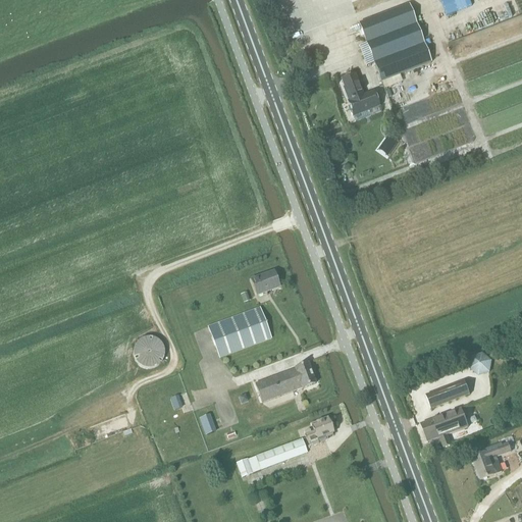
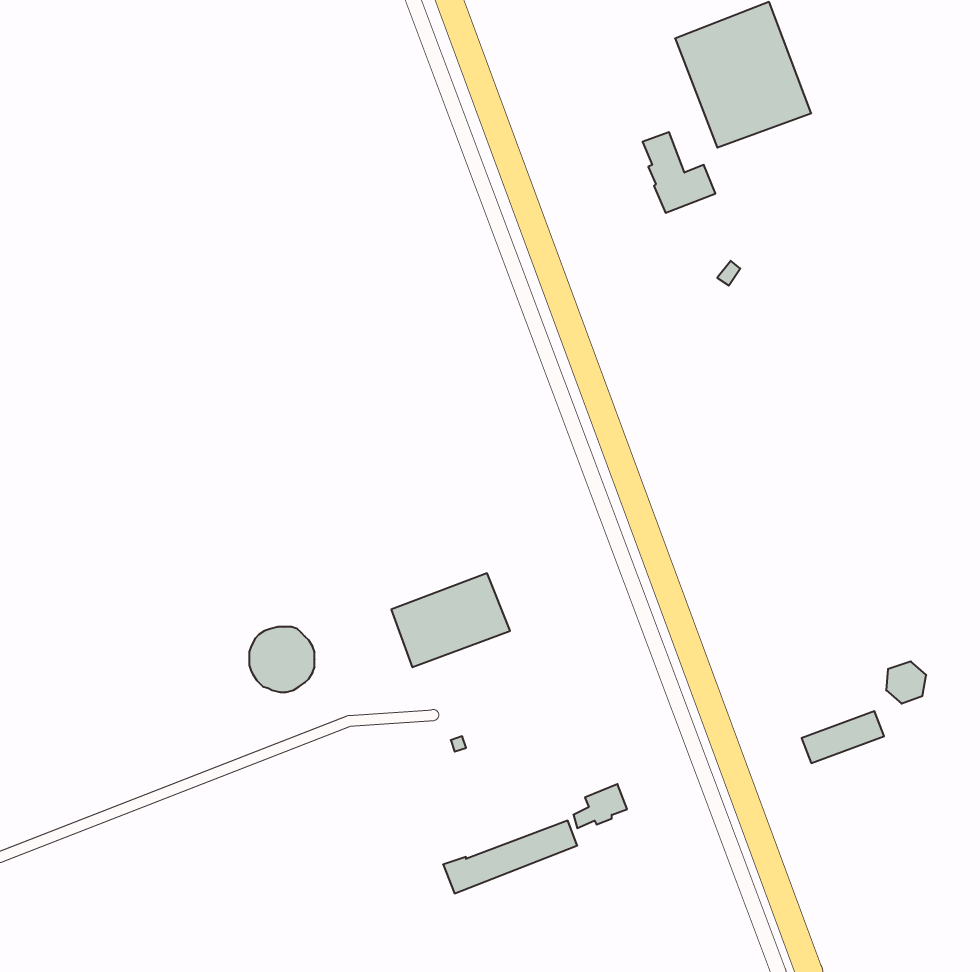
building: [251,268,278,293] -> none
building: [255,361,315,400] -> none
building: [420,405,469,445] -> none
building: [472,441,511,477] -> none

